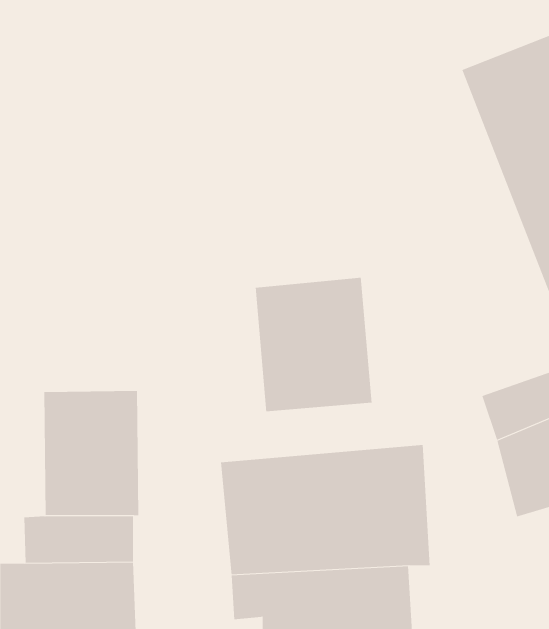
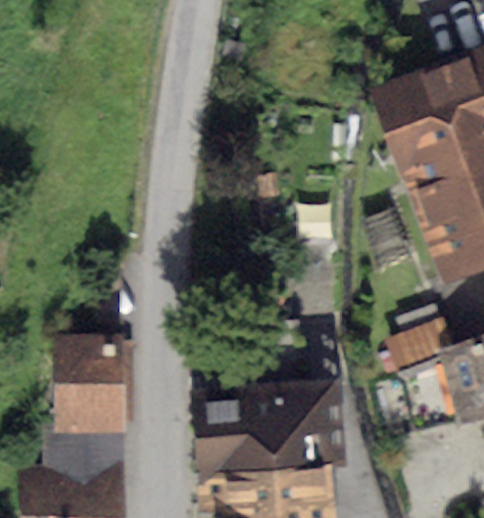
building: [255,277,372,412] -> none

